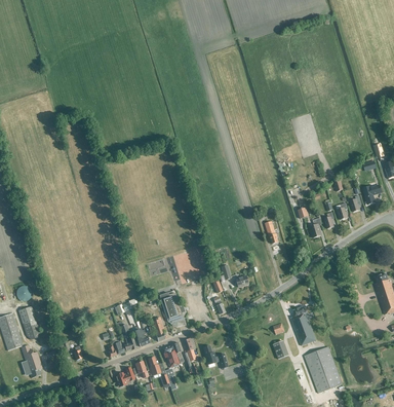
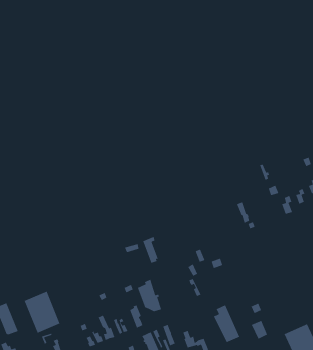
building: none -> [24,291,61,334]
building: [290,306,316,345] -> [213,304,240,343]

